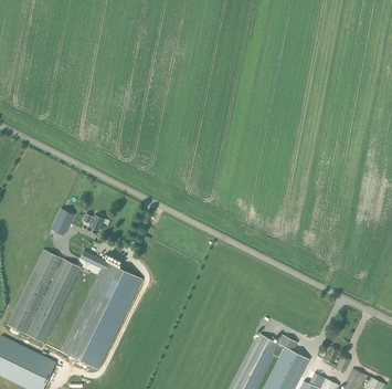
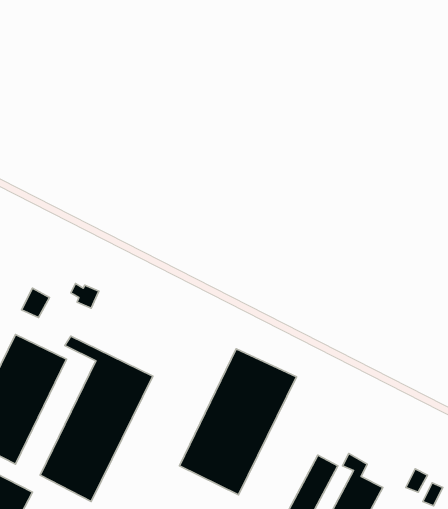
building: none -> [179,349,297,495]

